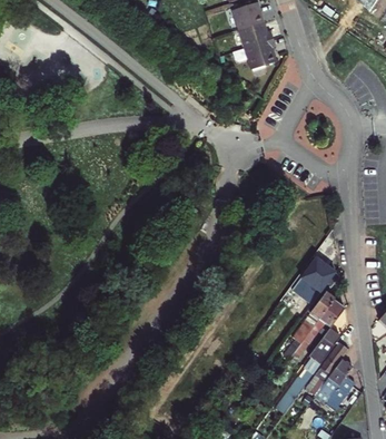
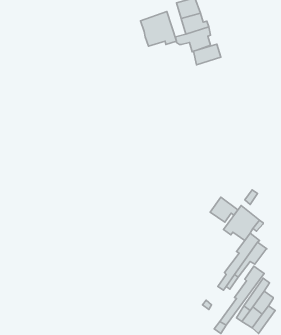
building: none -> [140,11,176,46]
building: none -> [193,44,221,65]
building: none -> [210,197,238,222]

